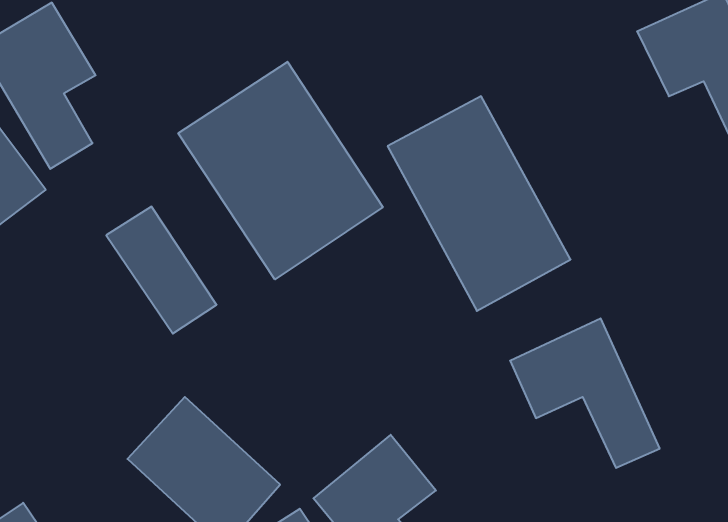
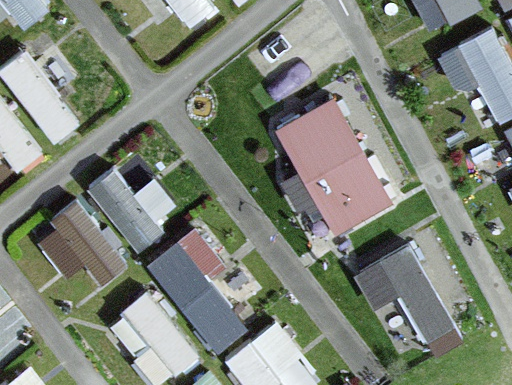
building: [178,62,383,279] -> none
building: none -> [39,200,126,289]
building: none -> [144,224,246,350]

